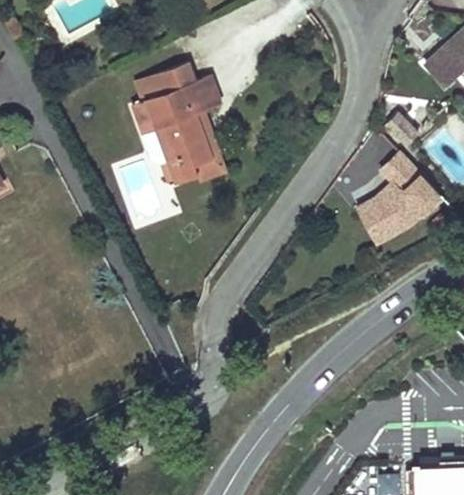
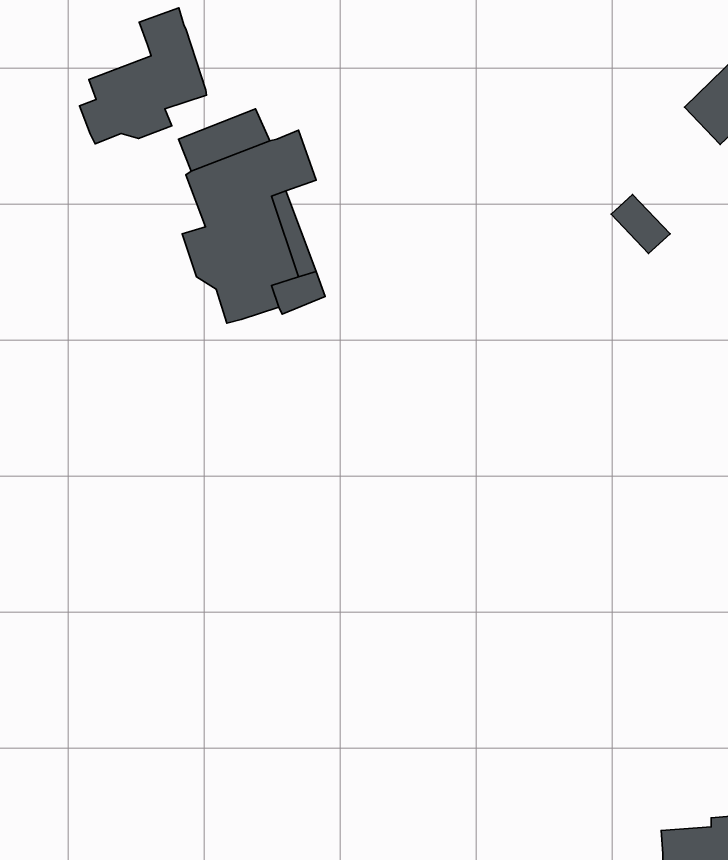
building: none -> [80,8,206,144]
building: [359,152,440,243] -> none

